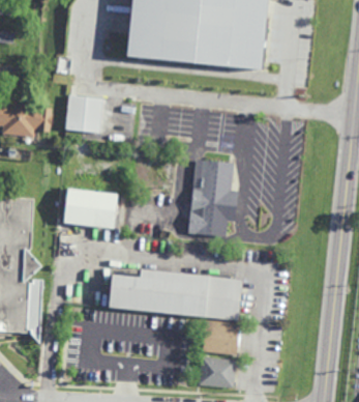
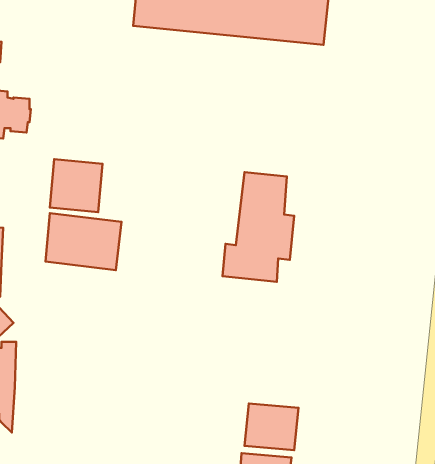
building: [64,93,101,131] -> [50,159,102,212]
building: [107,269,242,321] -> none

